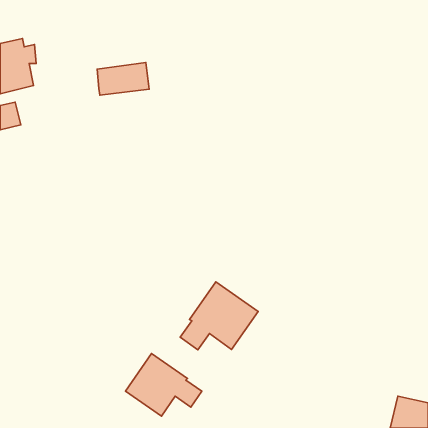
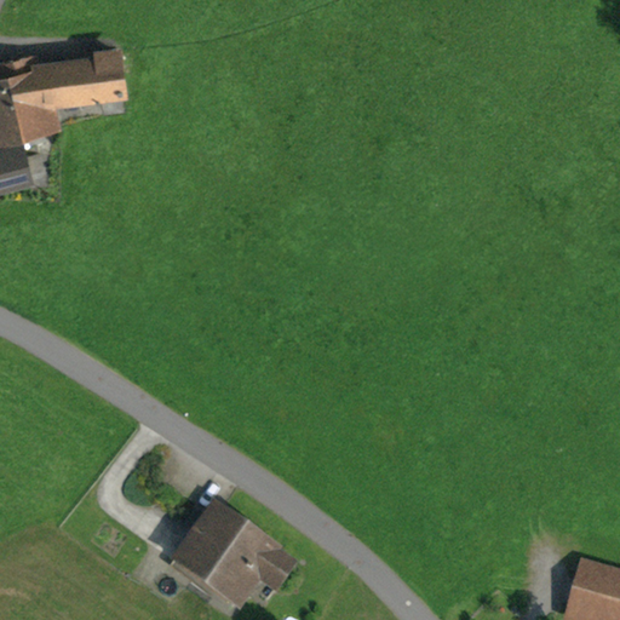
building: [97,62,149,95] -> [50,54,125,102]
building: [180,282,258,350] -> none

